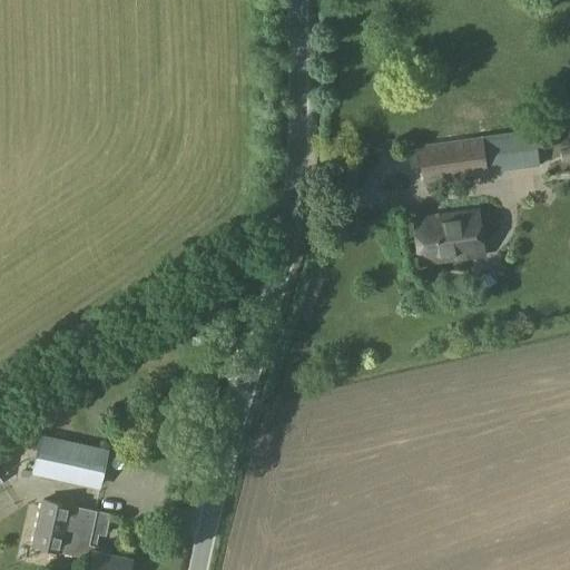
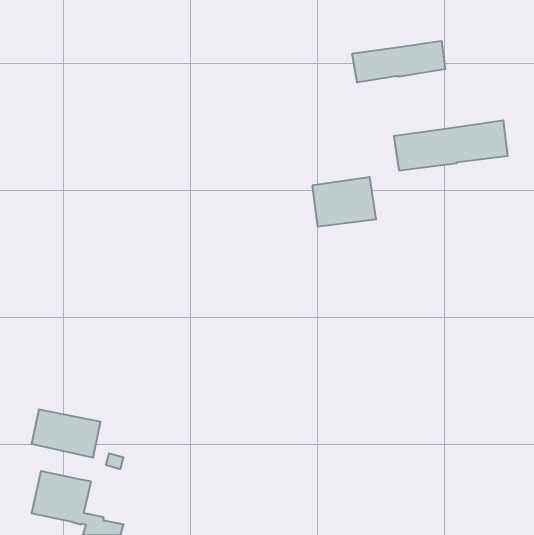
building: none -> [352,41,445,83]
building: [416,210,484,263] -> [312,177,376,226]

